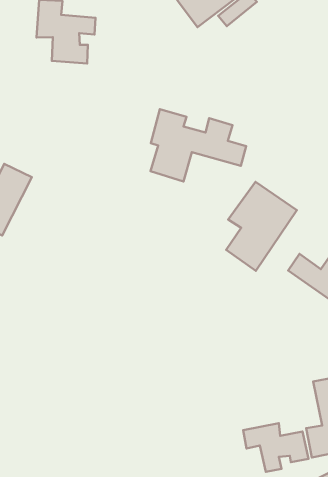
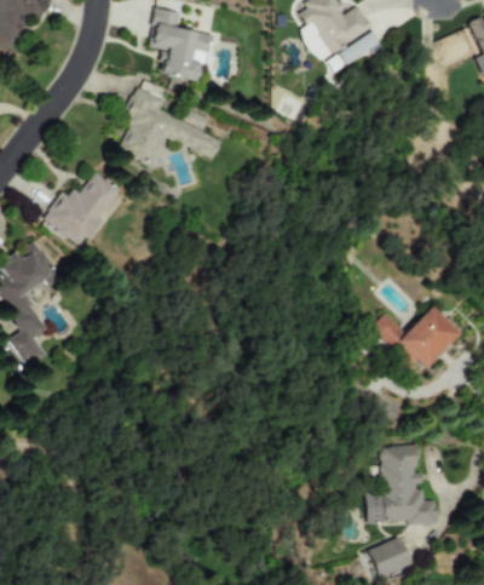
building: [150,109,246,181] -> [120,87,223,166]
building: [226,182,297,271] -> none
building: [243,423,308,472] -> none

